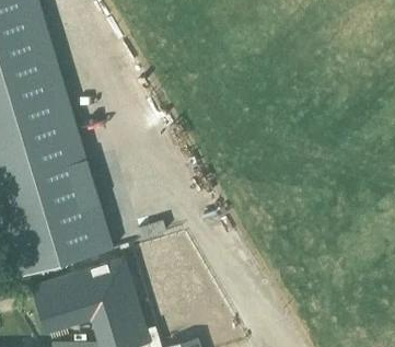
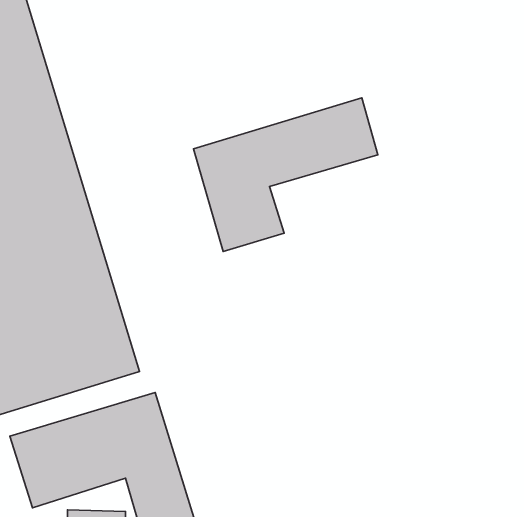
building: none -> [193,98,378,252]

